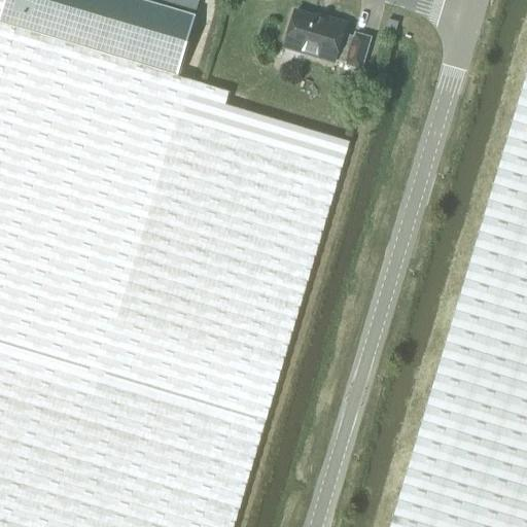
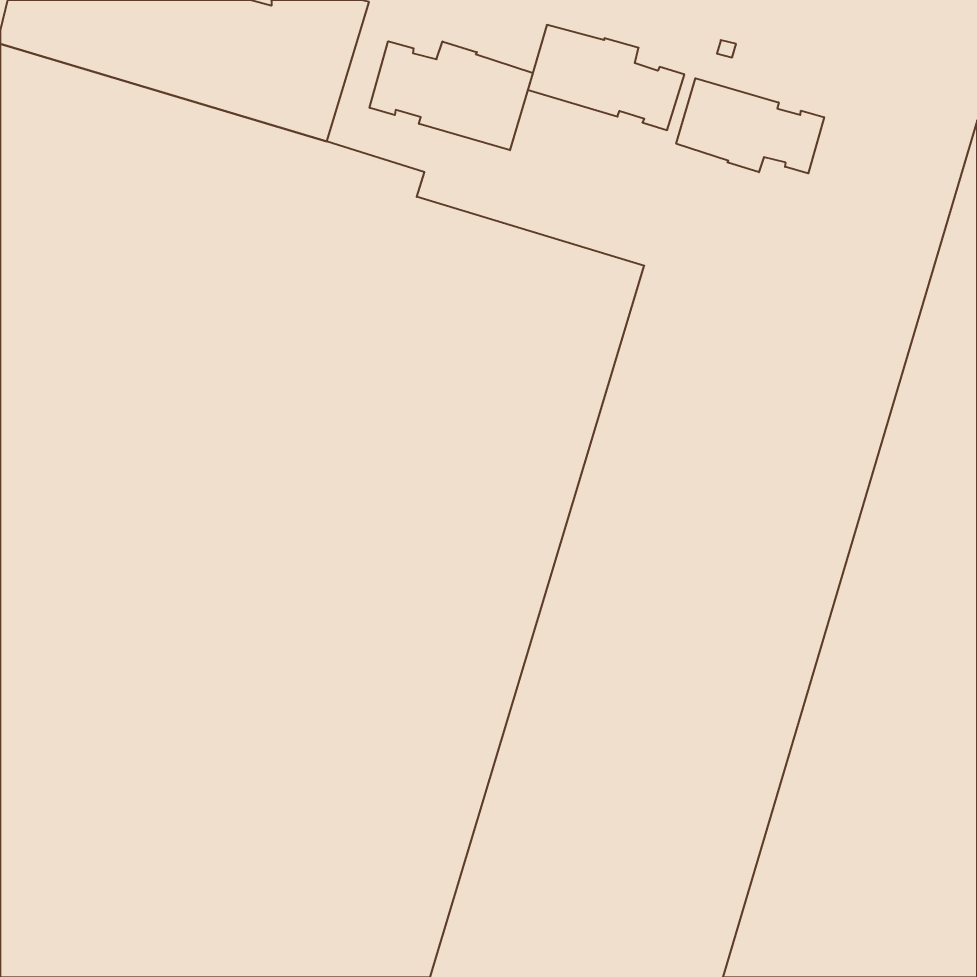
building: none -> [370,41,533,150]
building: none -> [676,78,824,173]

